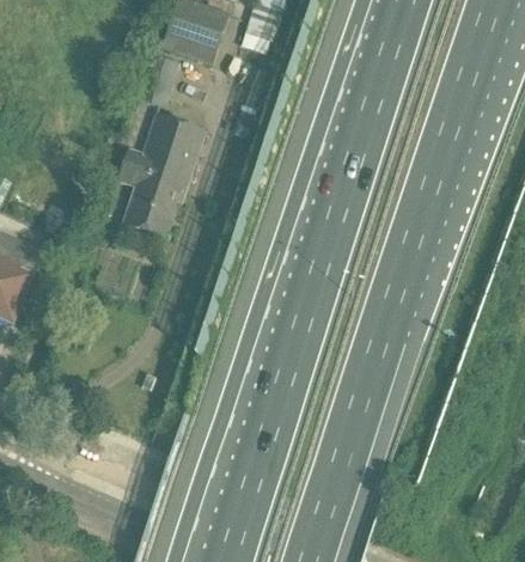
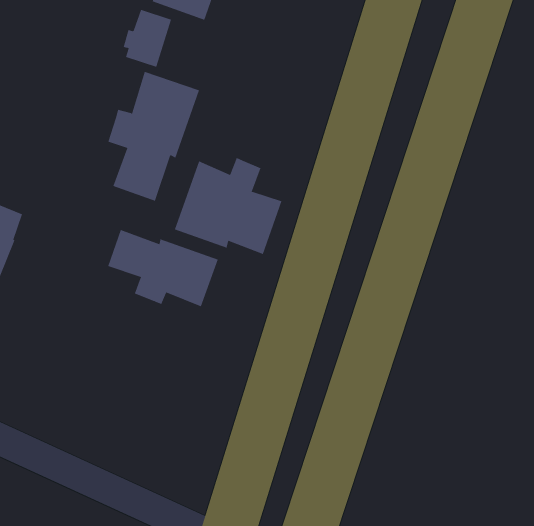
building: none -> [174,157,282,255]
building: none -> [108,229,219,307]

